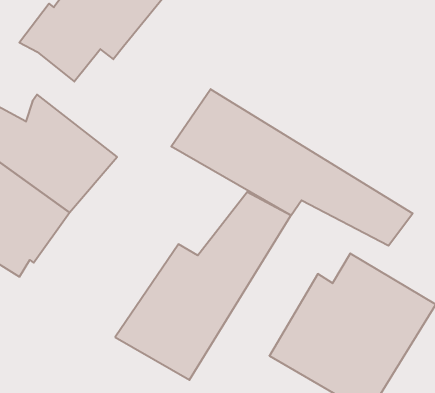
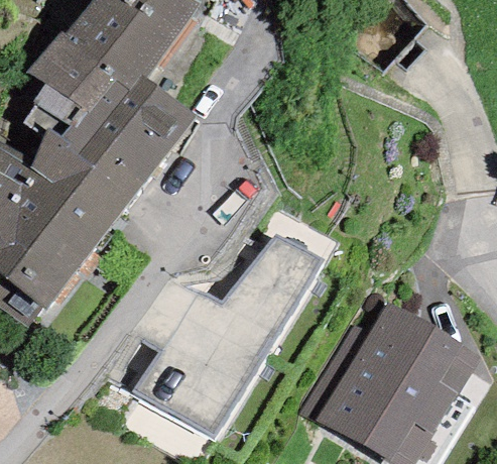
building: none -> [24,77,196,197]
building: [171,89,413,246] -> none

